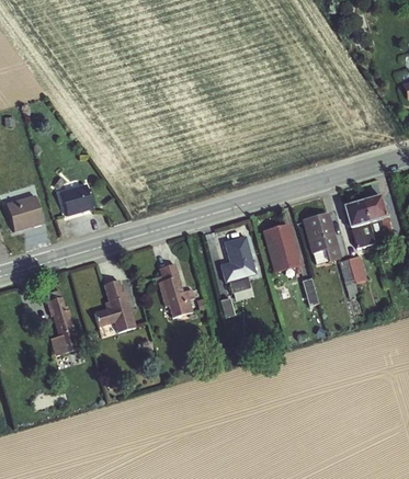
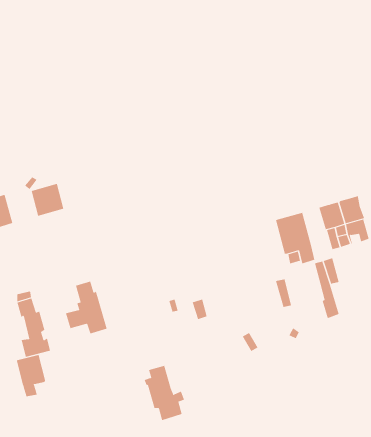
building: [262,223,302,273] -> none
building: [219,235,257,283] -> none
building: [155,263,195,318] -> [144,365,185,421]
building: none -> [16,354,46,397]

